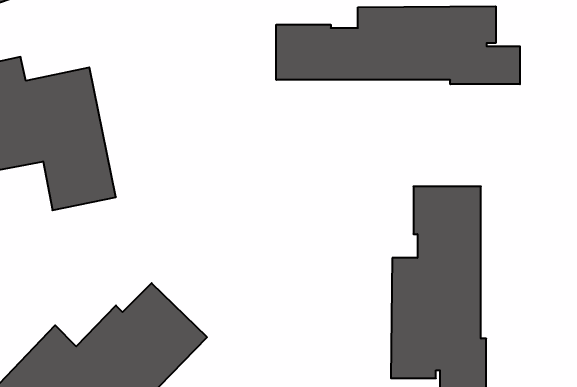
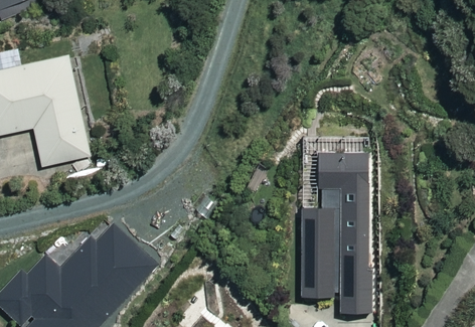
building: [276,6,520,84] -> none

